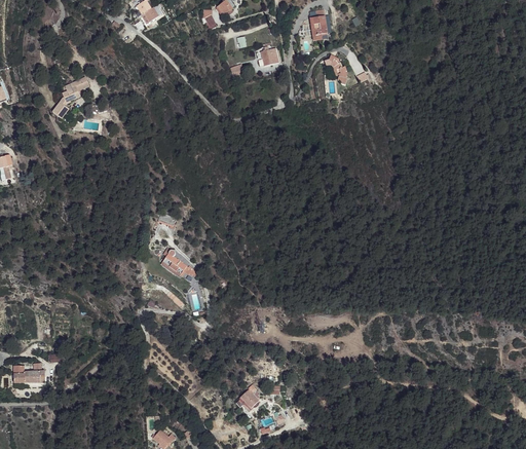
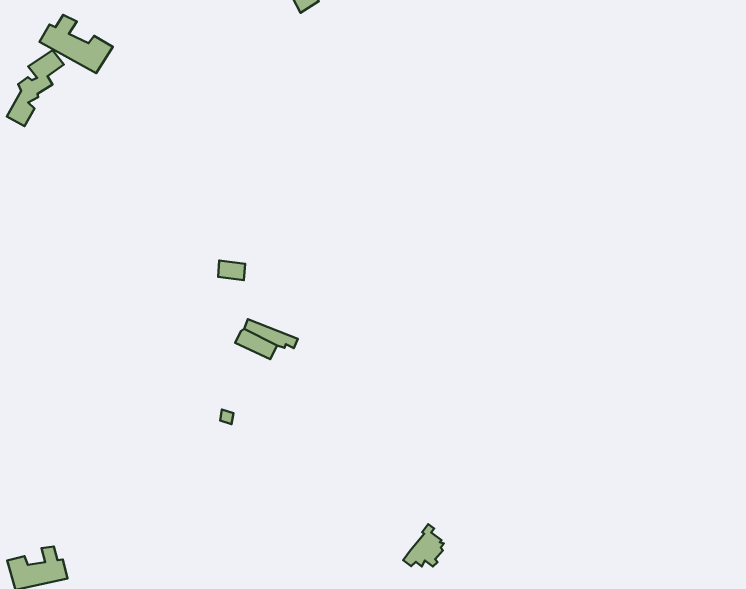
building: none -> [39,15,113,73]

